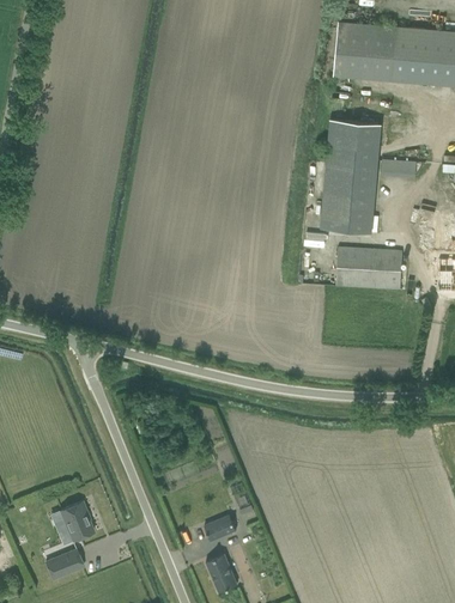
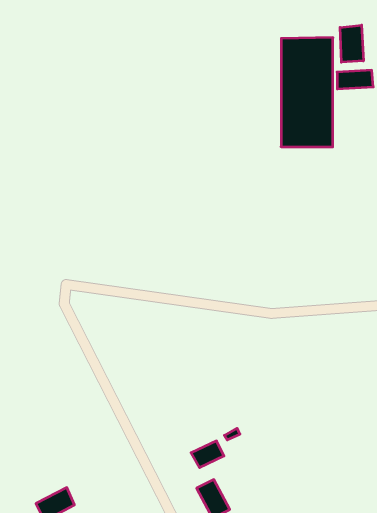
building: none -> [340,25,363,62]
building: [335,250,402,288] -> none
building: [60,501,93,541] -> none

